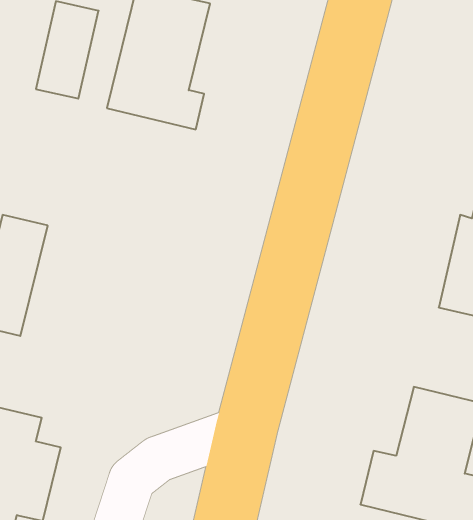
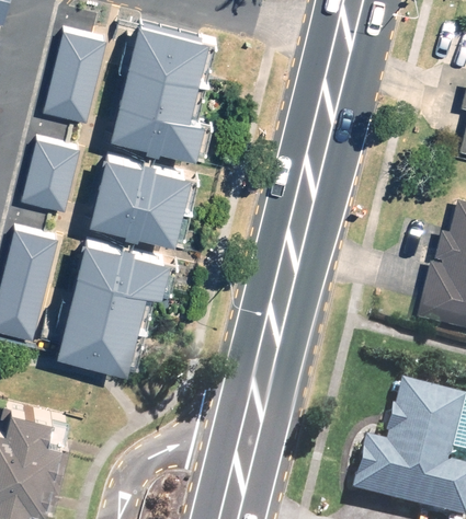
building: none -> [22,142,80,215]
building: none -> [90,153,190,239]
building: none -> [57,240,170,369]

